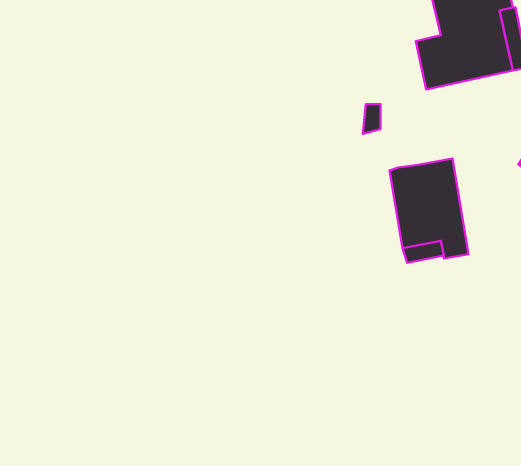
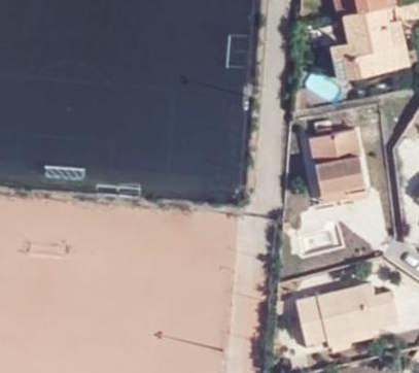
building: none -> [300,280,399,341]

